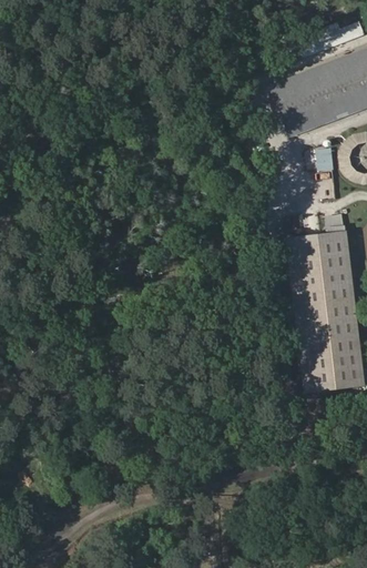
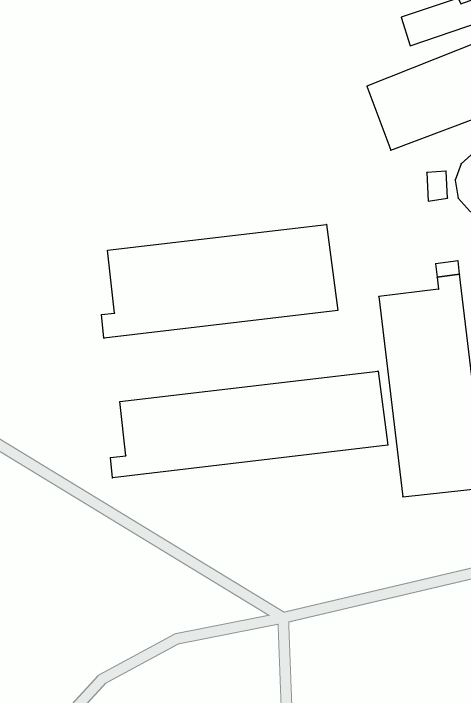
building: none -> [102,224,338,338]
building: none -> [110,371,388,478]

